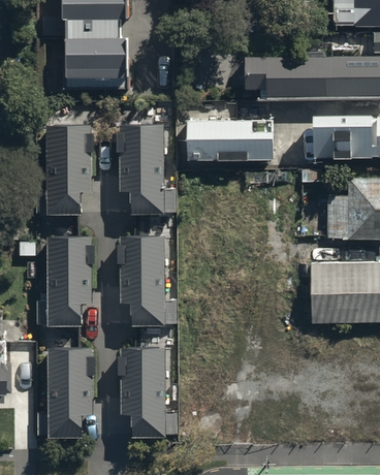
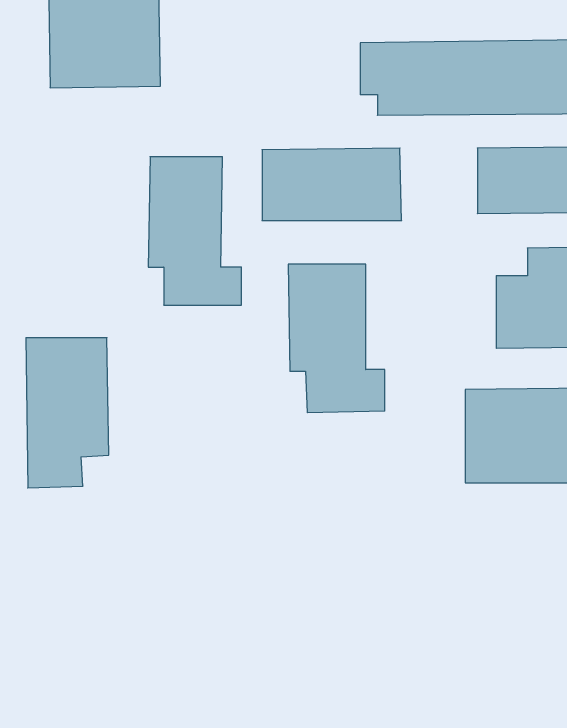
building: [44,123,93,214] -> none
building: [120,236,178,325] -> [288,264,385,413]
building: [46,346,96,435] -> none
building: [119,347,178,437] -> none

